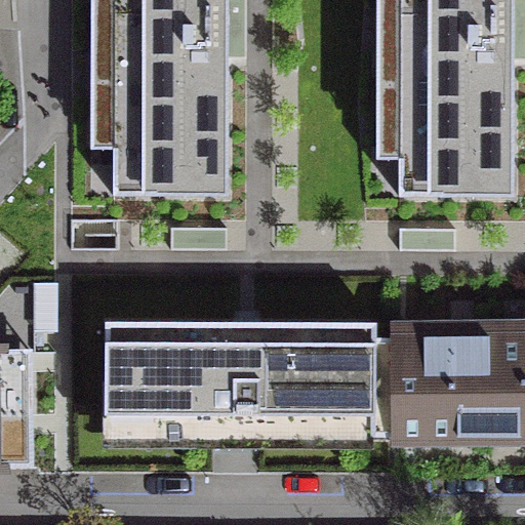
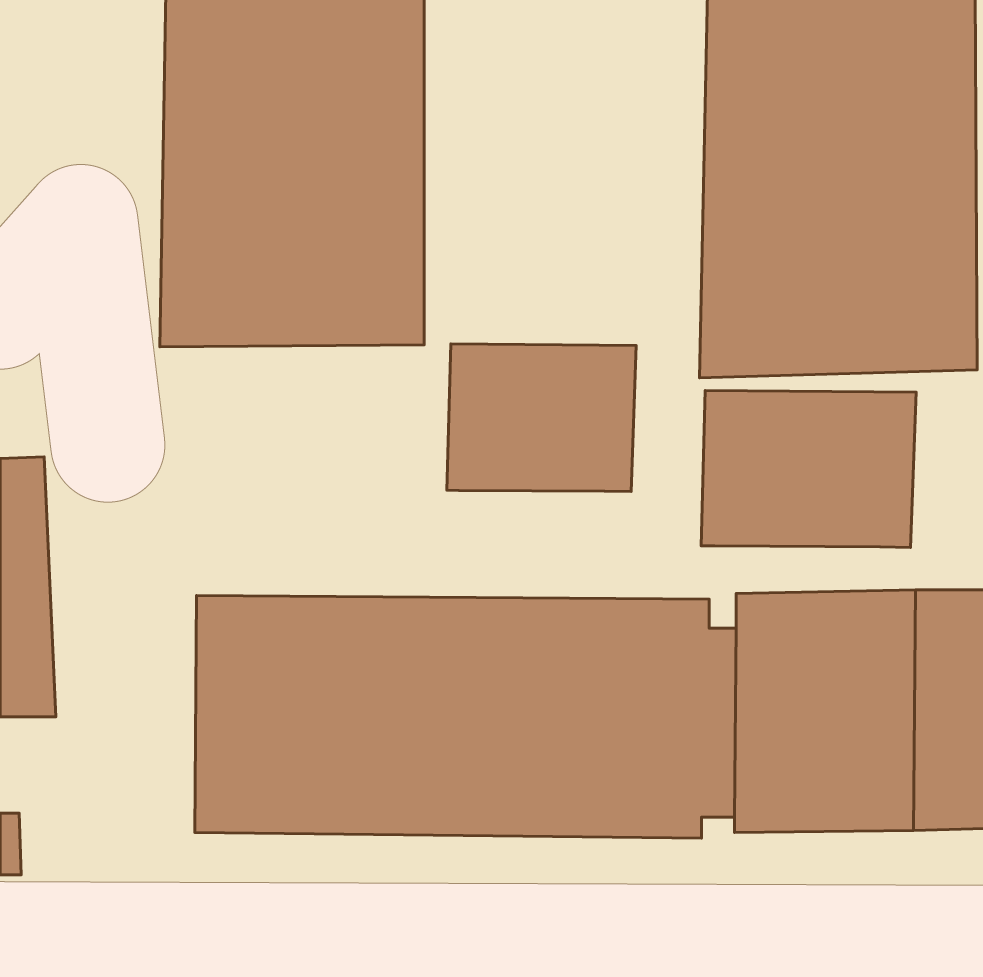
building: none -> [447,344,636,492]
building: none -> [701,390,916,547]

